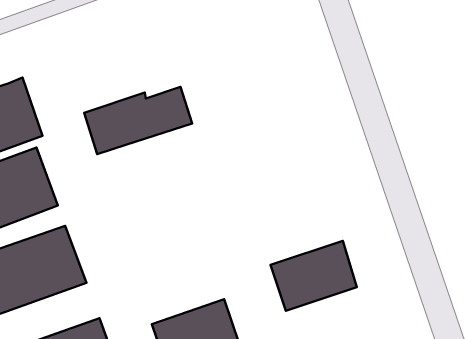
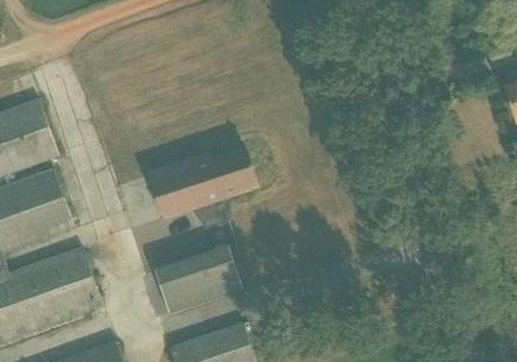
building: [84,87,192,154] -> [147,149,256,217]
building: [270,241,357,311] -> [153,242,241,313]

